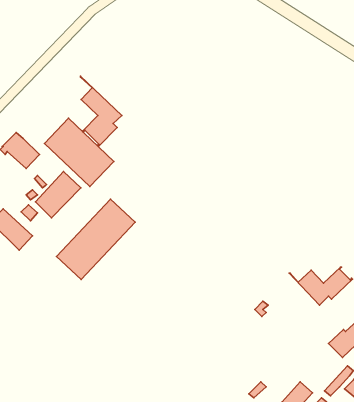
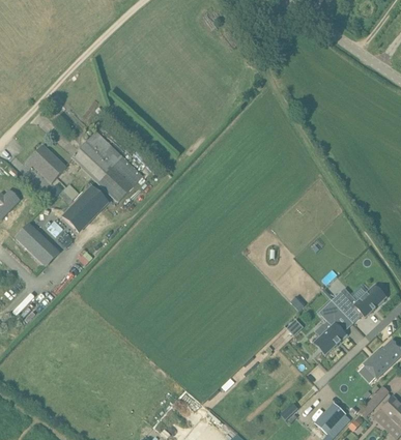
building: [80,76,122,147] -> none
building: [56,199,135,279] -> none
building: none -> [313,290,353,354]

